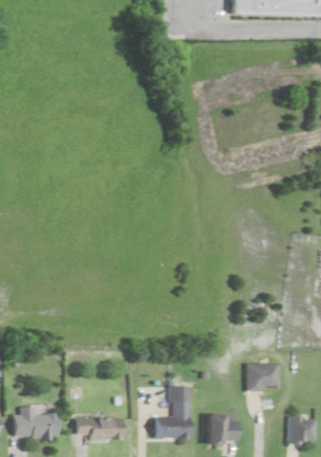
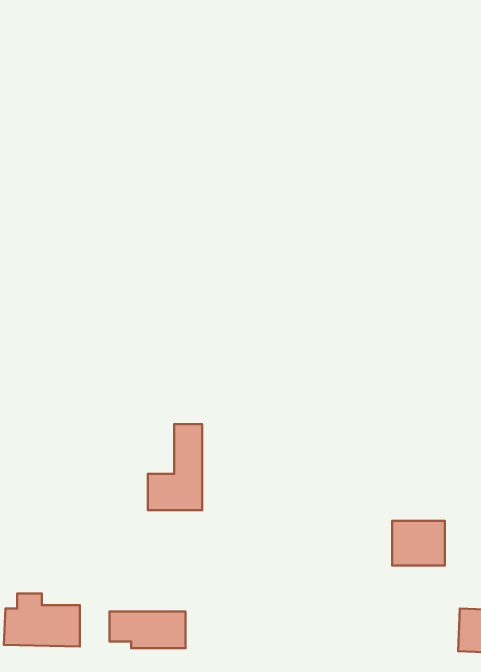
building: [156,385,189,437] -> [148,424,202,510]
building: [208,413,236,442] -> none

